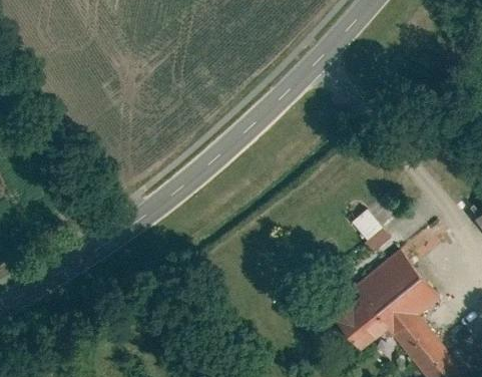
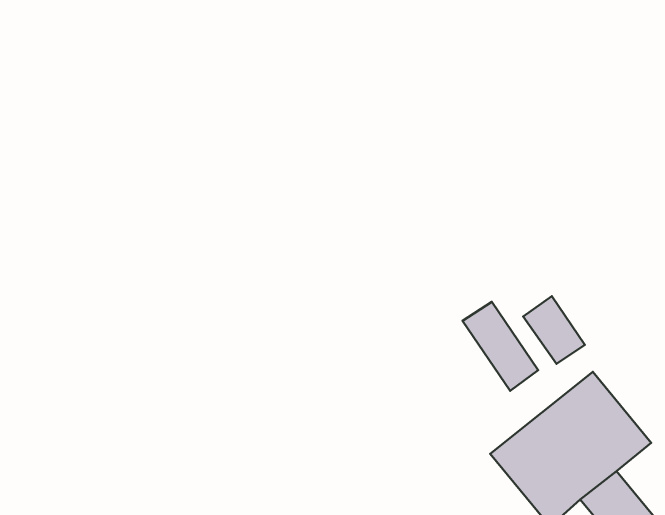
building: none -> [463,302,538,391]

